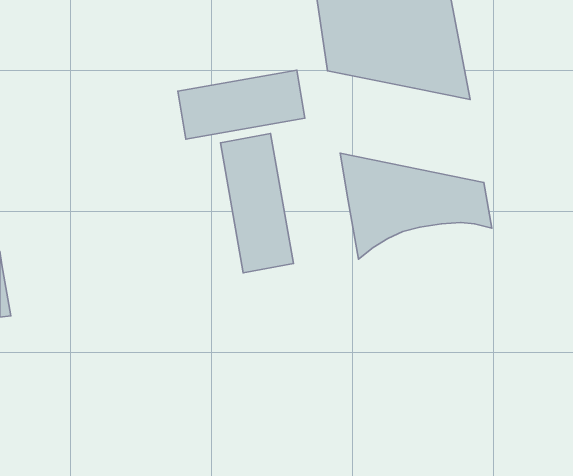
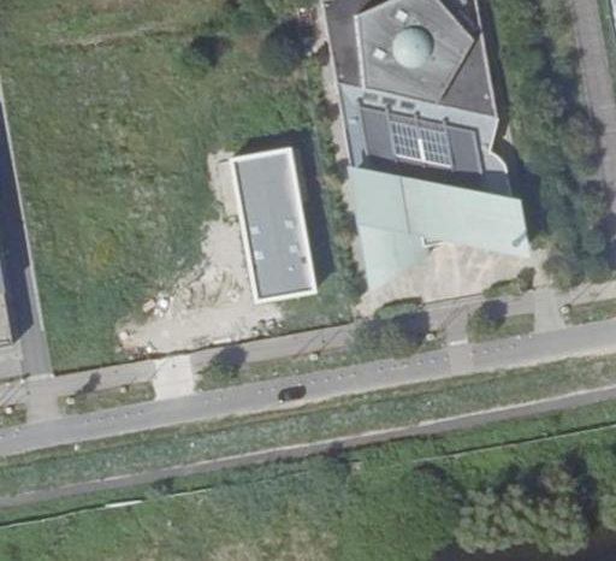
building: [178,70,305,139] -> none
building: none -> [346,85,511,203]

